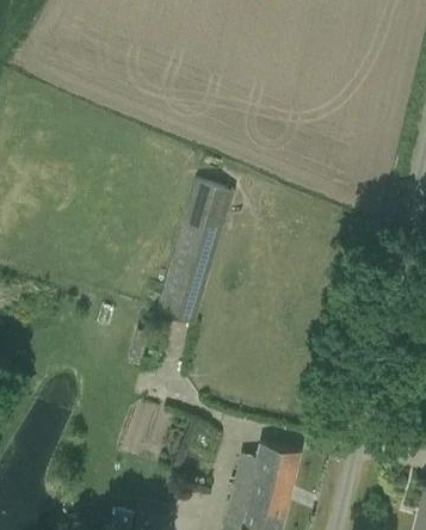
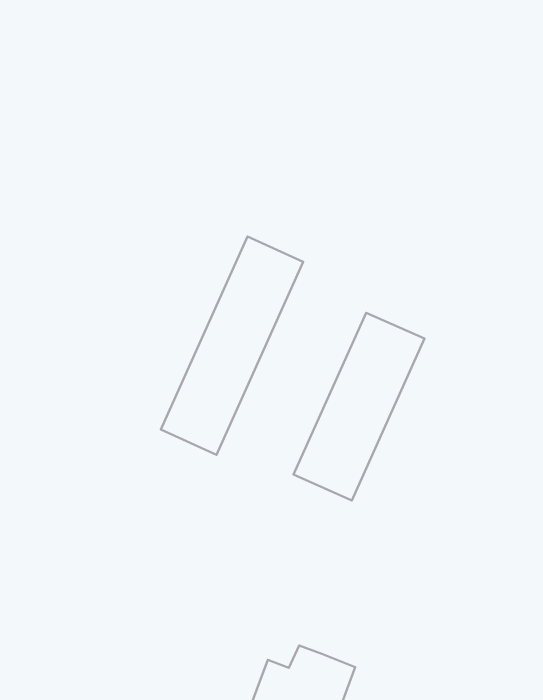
building: none -> [294,313,424,500]

